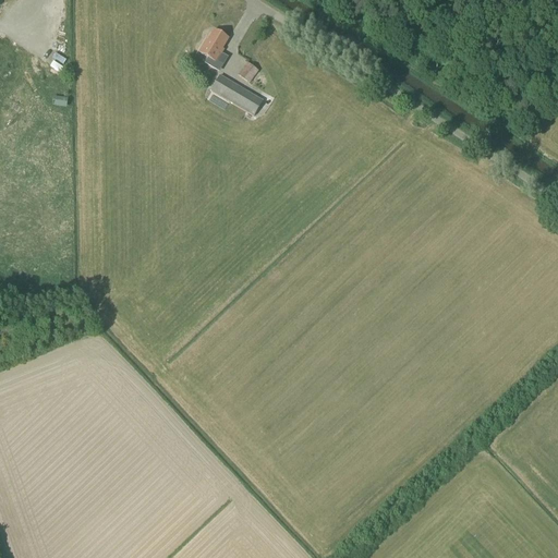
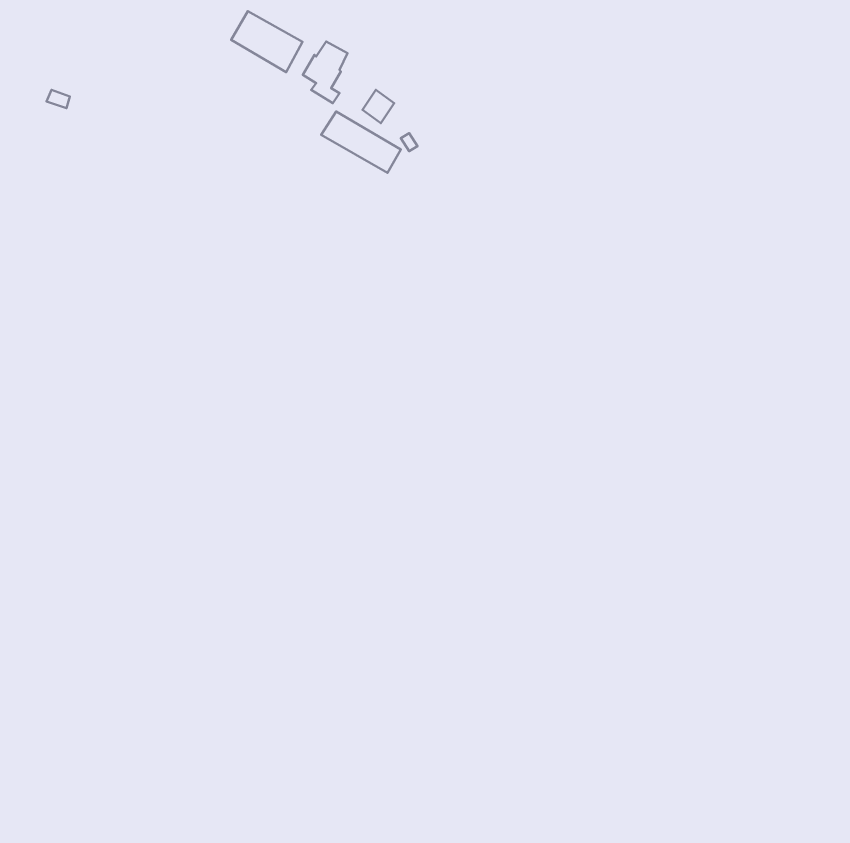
building: none -> [231,11,303,72]

